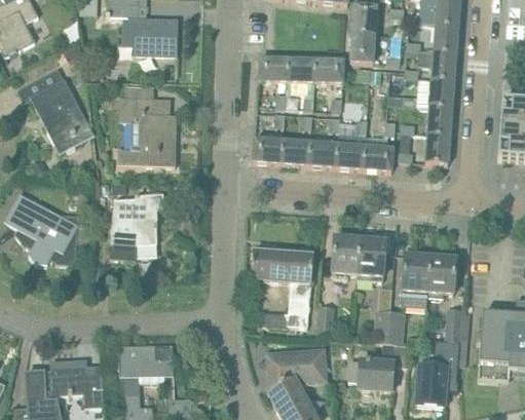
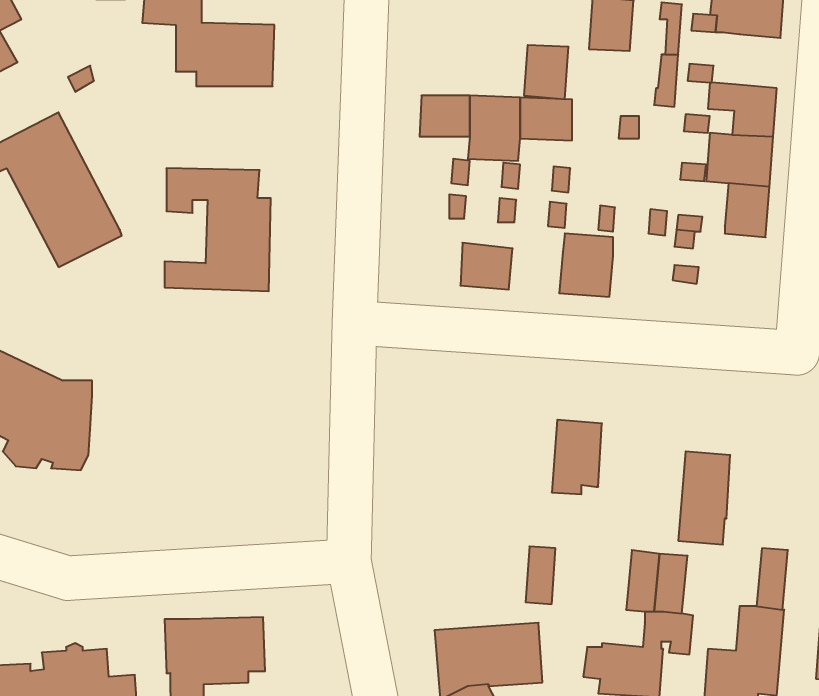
building: [434,24,458,53] -> none
building: [350,32,375,62] -> [524,45,569,99]
building: [425,133,450,163] -> none
building: [253,137,283,162] -> none
building: [308,142,338,166] -> none
building: [364,146,393,170] -> none
building: [110,194,163,259] -> none
building: [357,238,385,280] -> none
building: [251,251,312,327] -> none
building: [426,256,456,305] -> none

